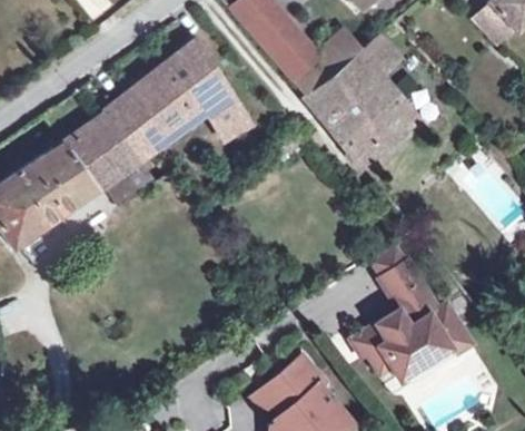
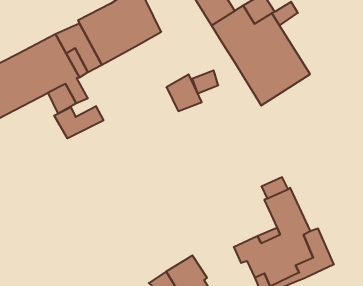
building: [205,92,249,138] -> [166,74,202,111]
building: none -> [54,106,103,138]

